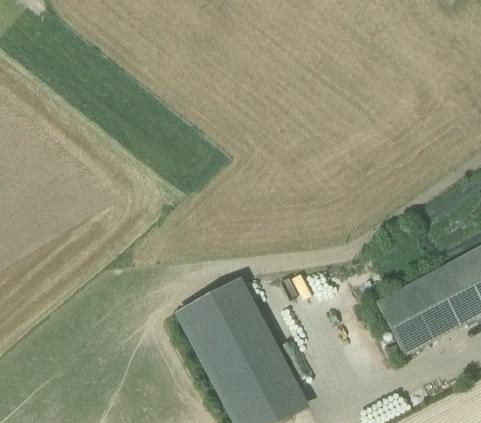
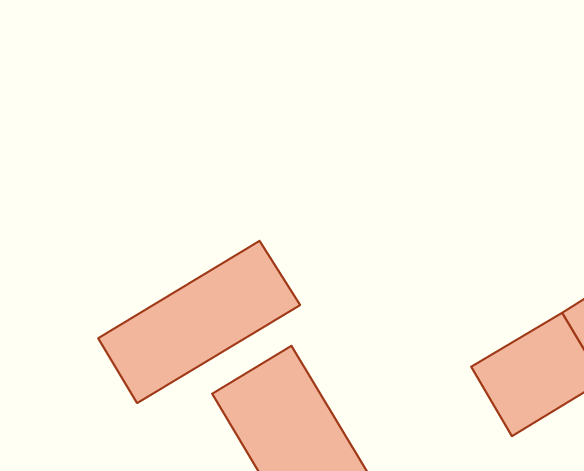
building: none -> [98,241,300,403]

